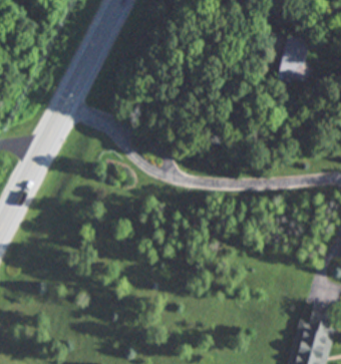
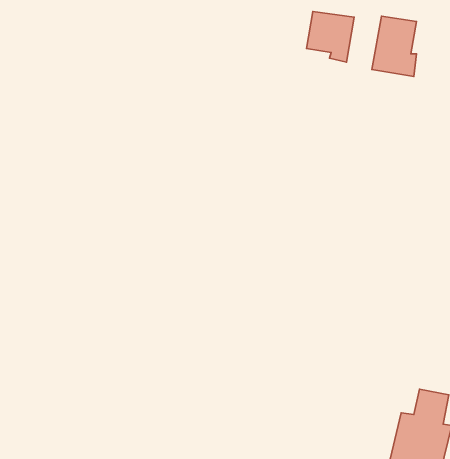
building: none -> [306,11,354,62]

